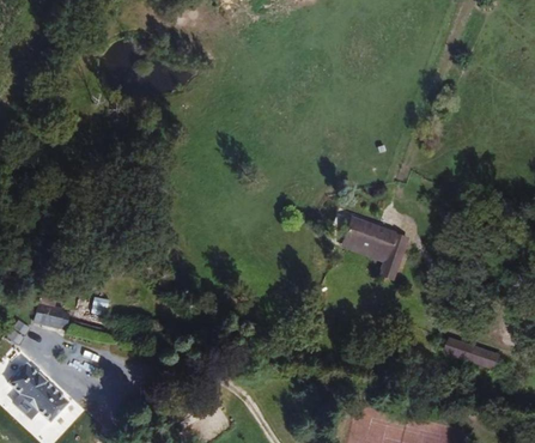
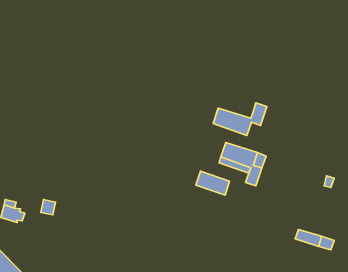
building: none -> [213,103,267,135]
building: none -> [196,171,229,195]

